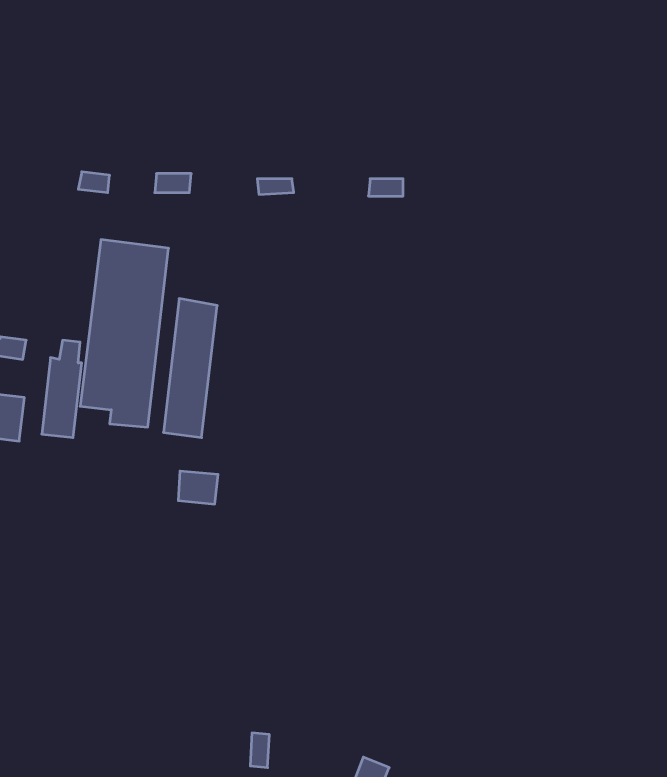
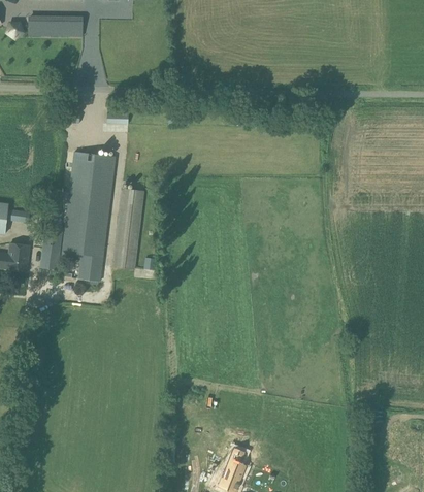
building: none -> [29,15,84,36]
building: [178,471,218,504] -> [79,261,103,281]

